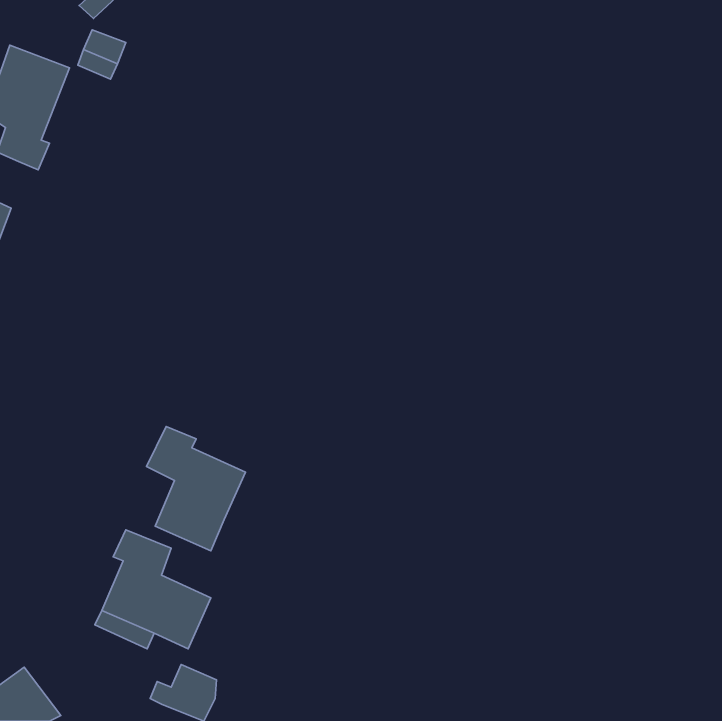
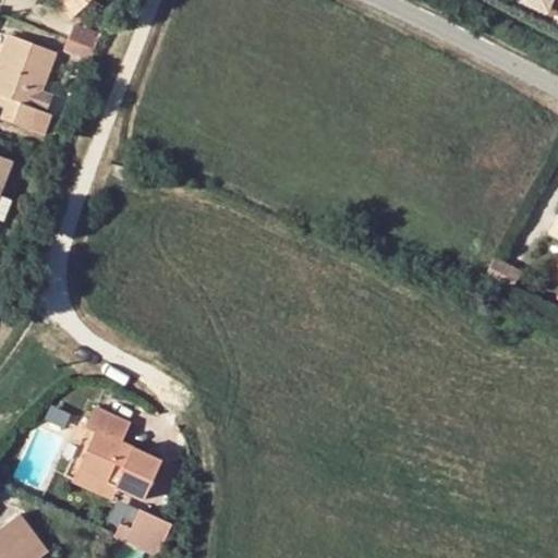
building: [147,426,246,551] -> none

